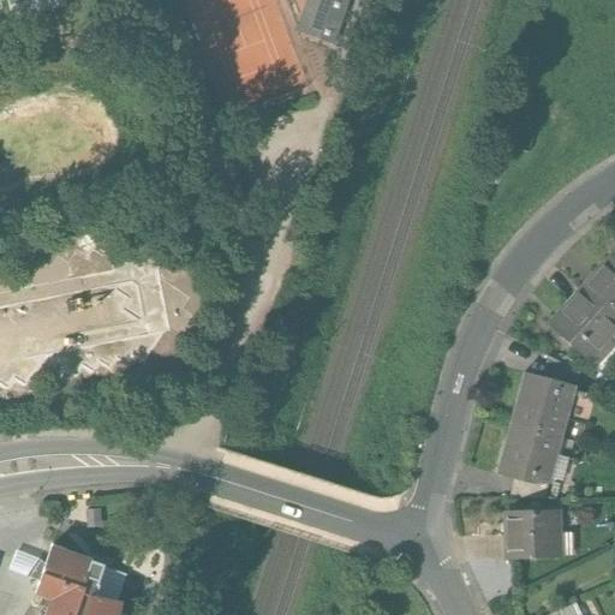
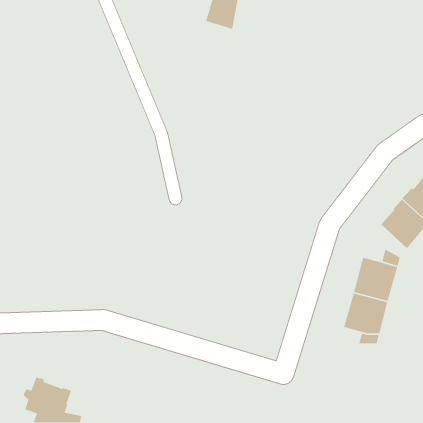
building: [508,512,561,555] -> none

